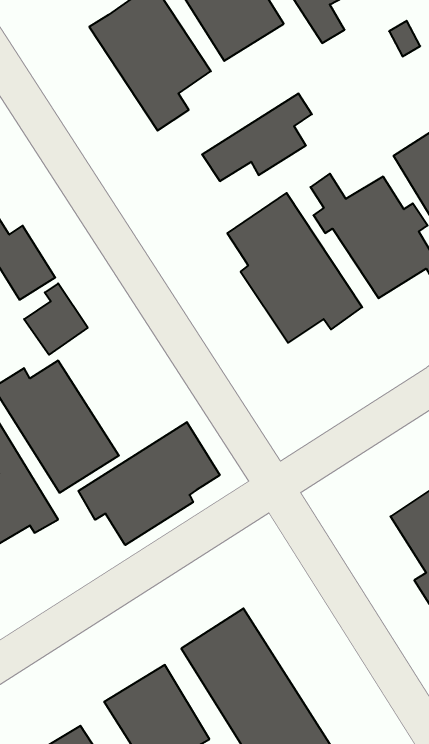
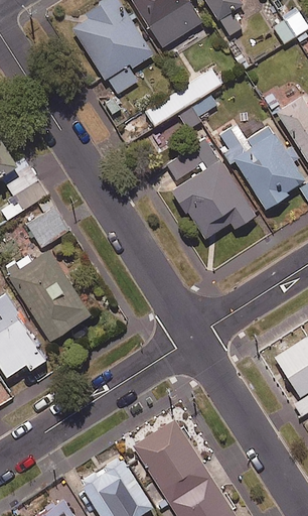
building: [78,422,220,545] -> none

